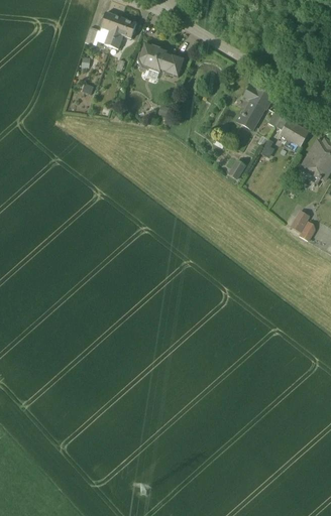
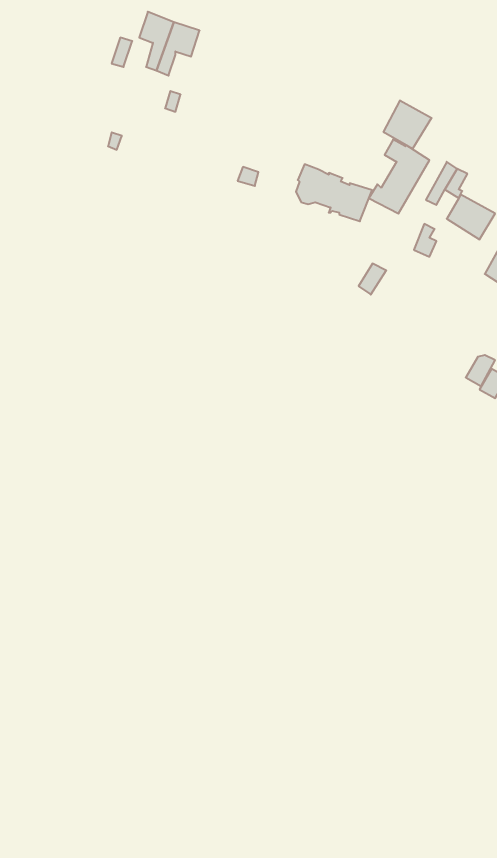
building: [139,43,184,77] -> [296,164,372,221]
building: none -> [384,100,432,149]

